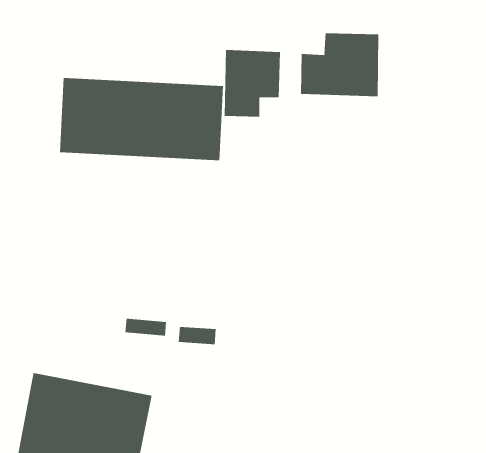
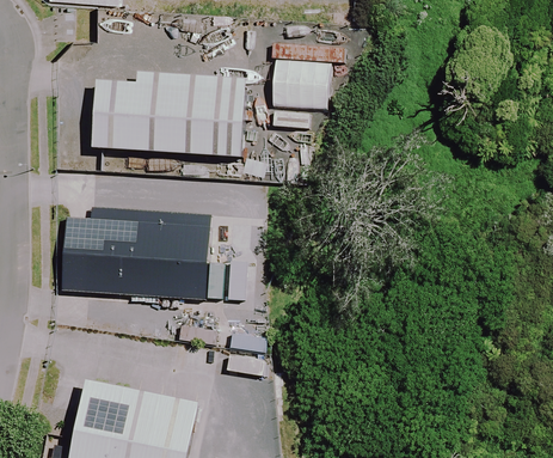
building: [300,32,379,97] -> none
building: none -> [69,208,228,304]

